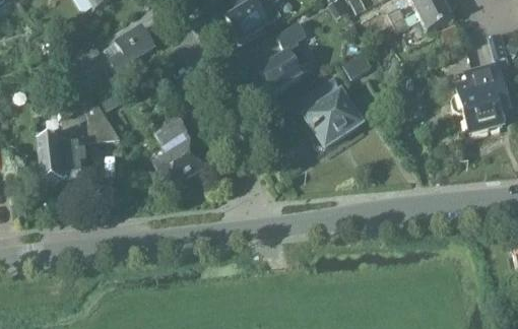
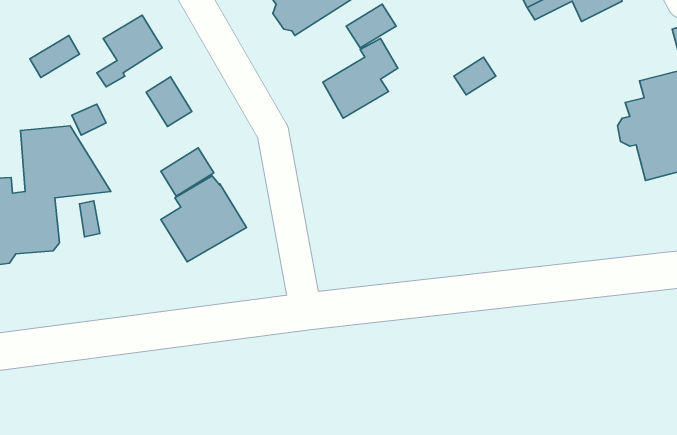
building: none -> [146,77,192,127]
building: [301,77,361,149] -> none

